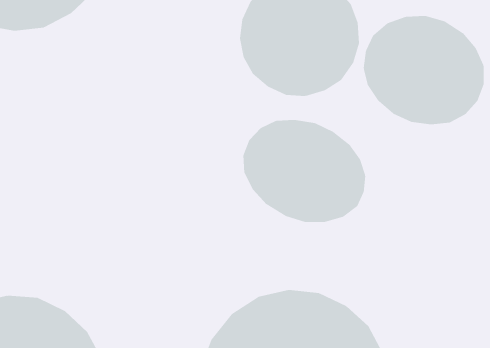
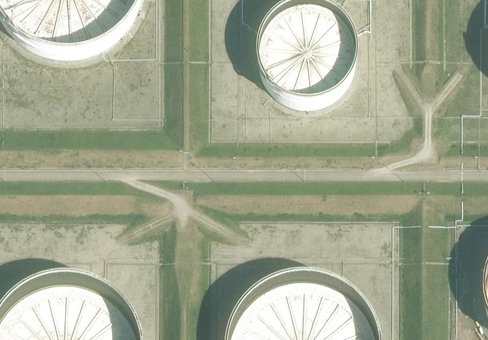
building: [363,15,484,125] -> none
building: [243,119,366,223] -> none

